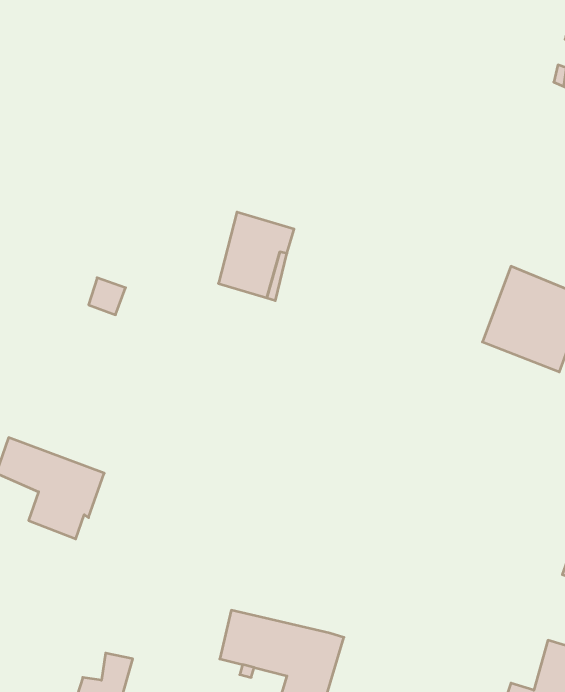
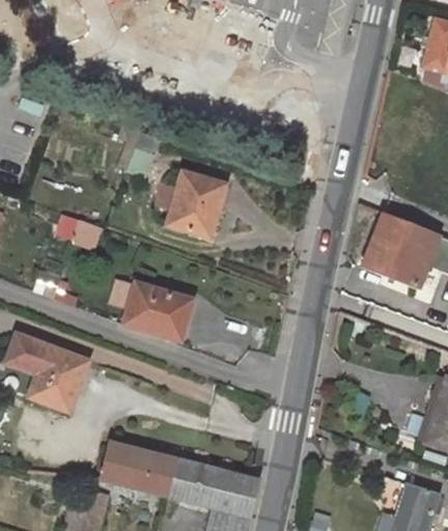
building: none -> [123,283,191,337]
building: none -> [100,443,178,496]

